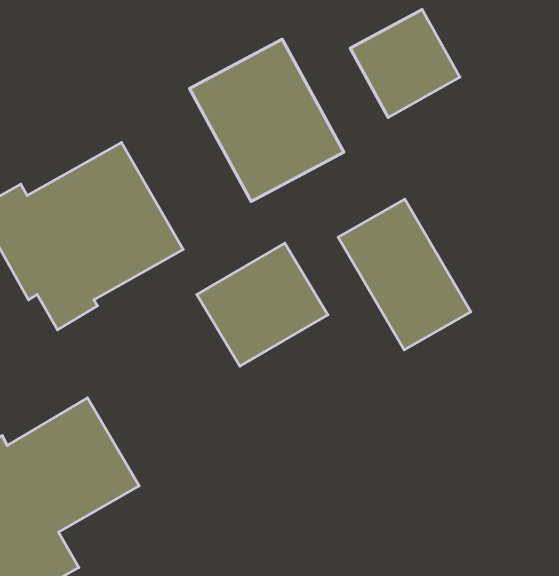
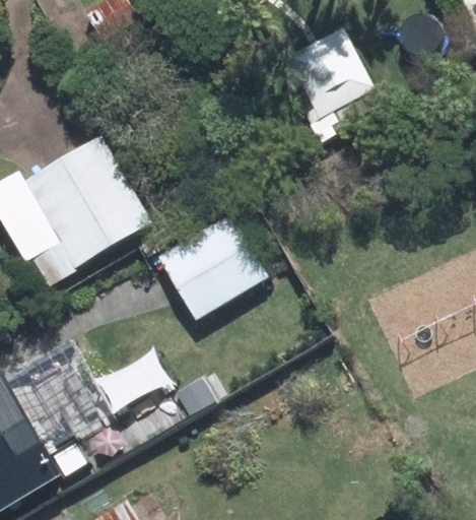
building: [189,39,344,202] -> none
building: [338,199,471,350] -> none

